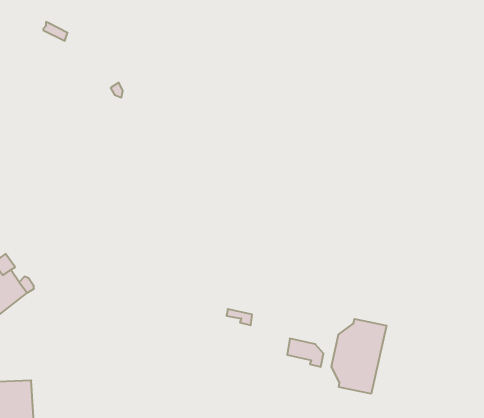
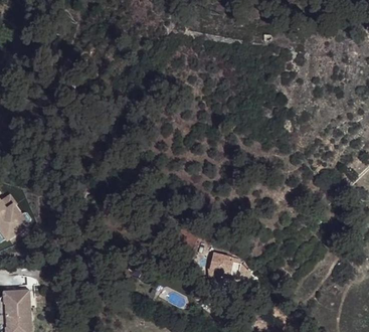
building: [332,319,387,394] -> none

